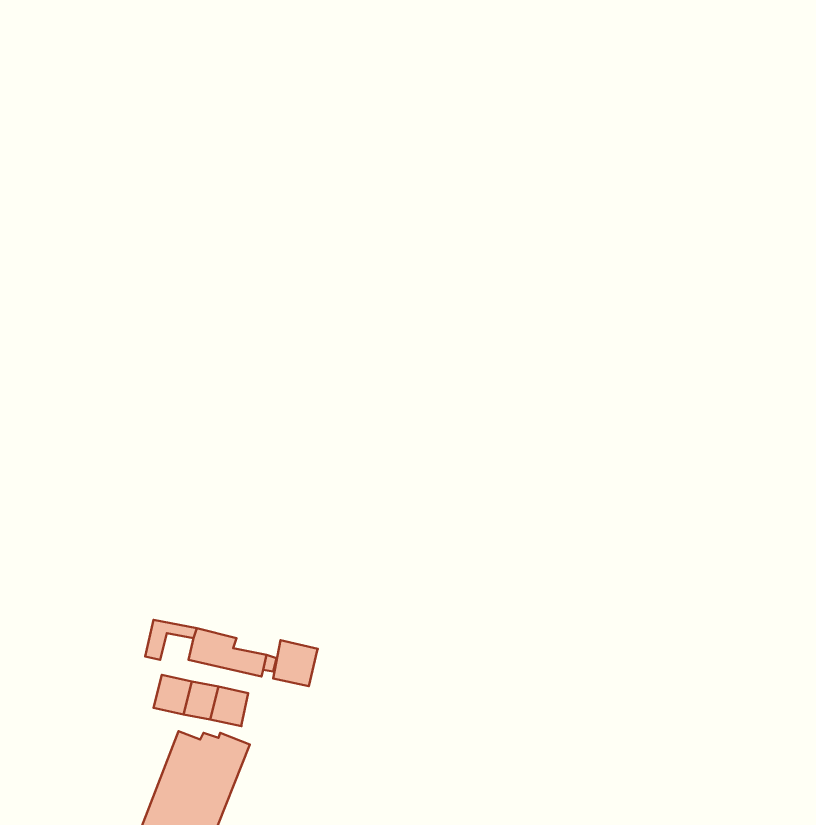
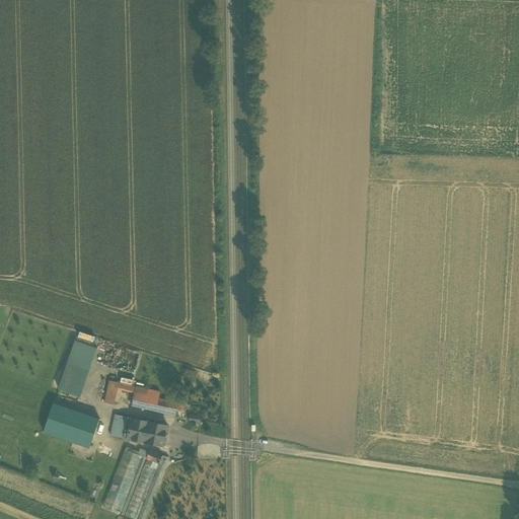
building: none -> [57,340,96,395]
building: [273,640,318,686] -> none
building: none -> [43,402,98,447]

